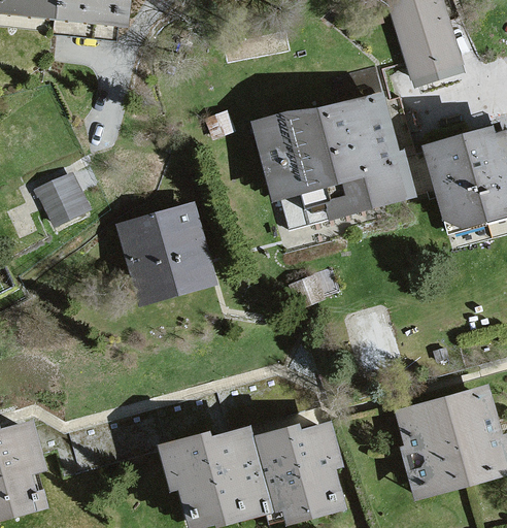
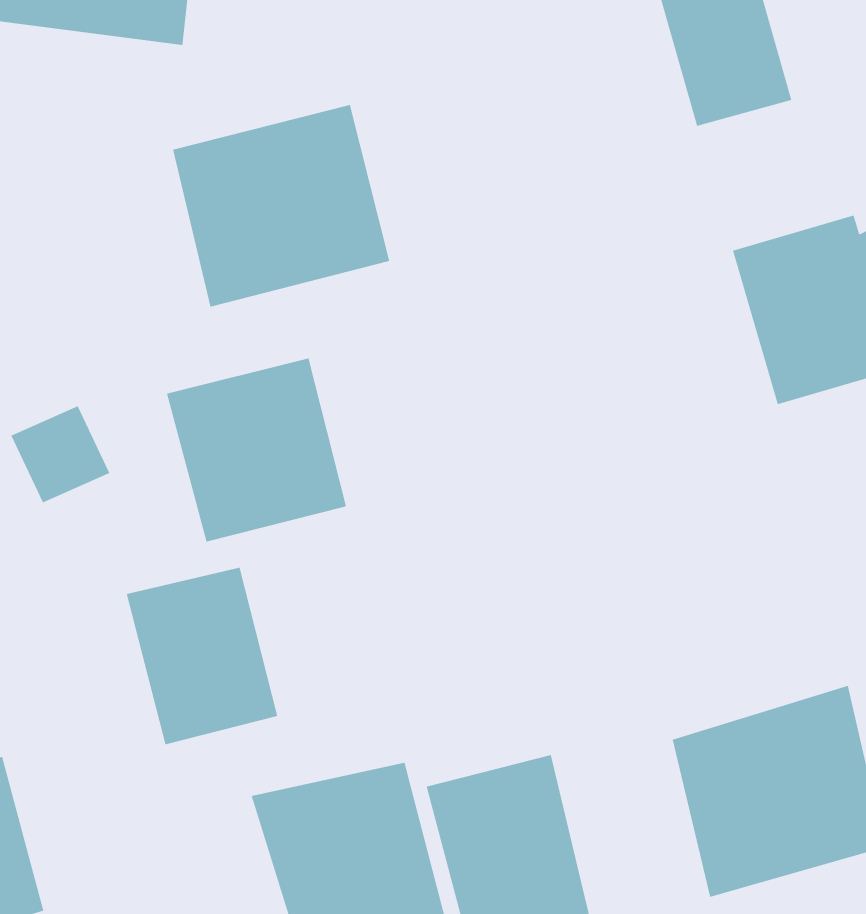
building: none -> [173,104,390,307]
building: [255,86,418,231] -> none
building: [34,168,89,222] -> [10,405,110,503]
building: none -> [126,567,278,745]

